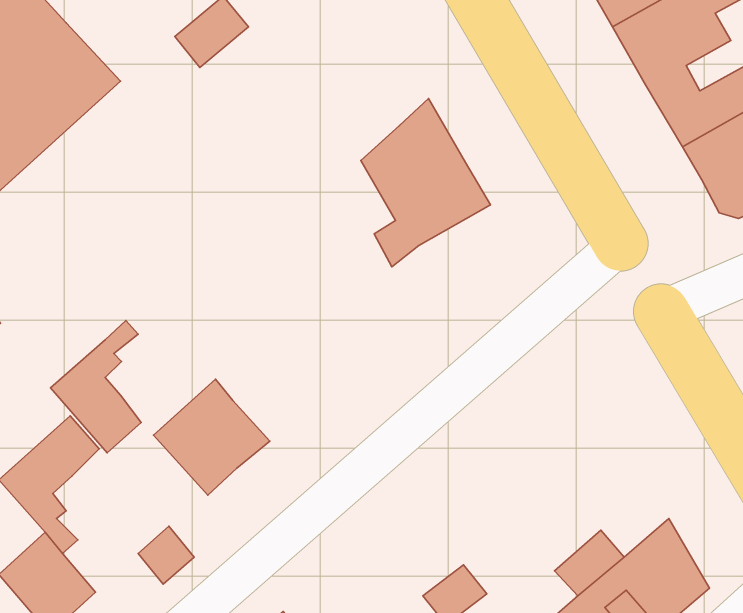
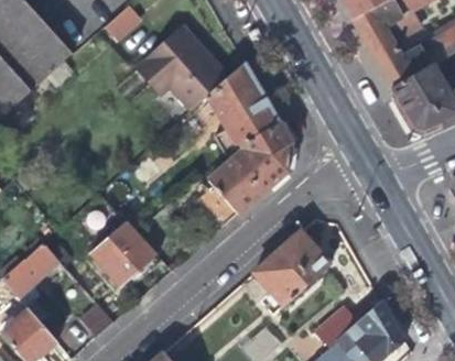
building: none -> [139,25,229,109]
building: none -> [188,122,291,232]
building: [51,320,141,453] -> none
building: none -> [253,233,332,308]

